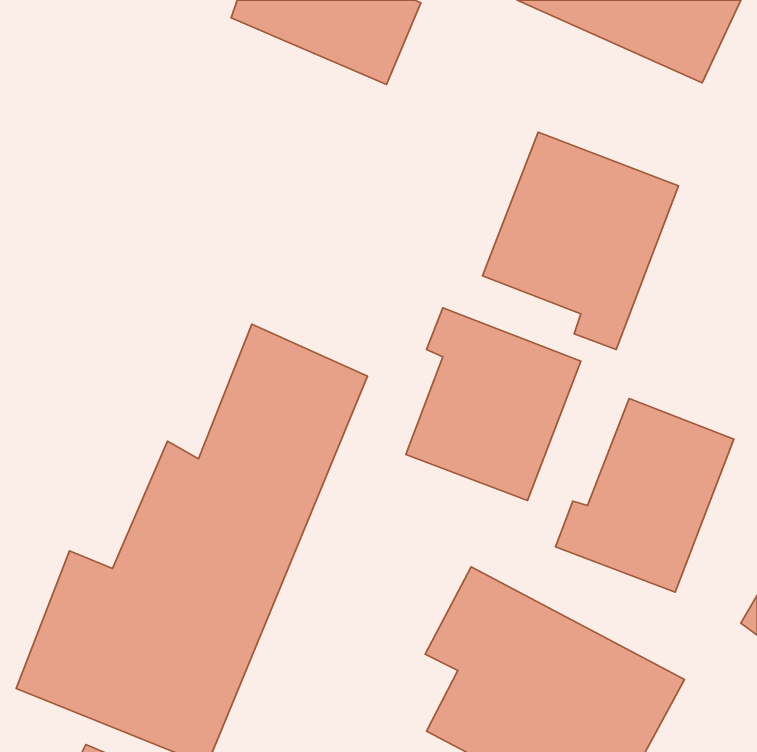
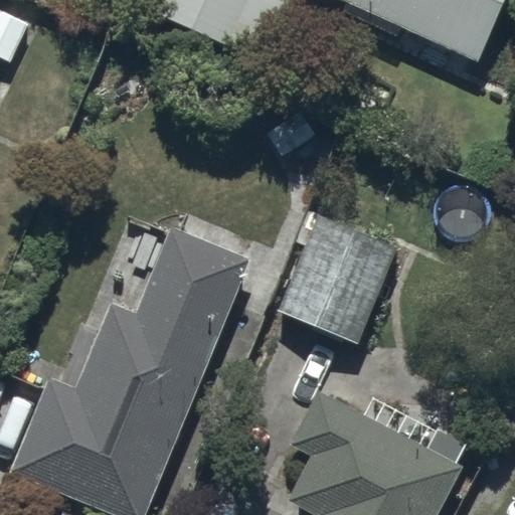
building: [482,132,678,350] -> none
building: [556,398,734,592] -> none

